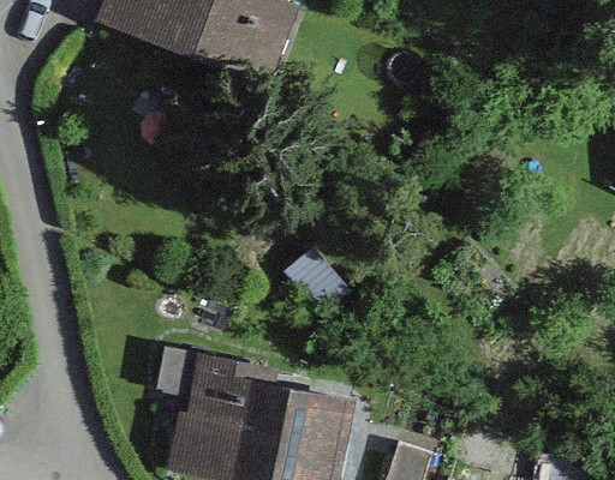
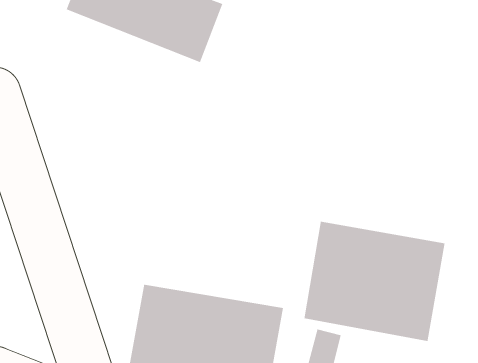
building: none -> [304,221,445,342]

